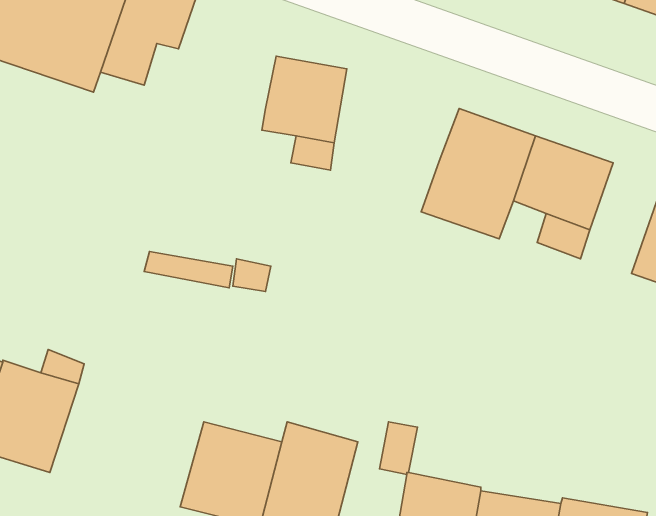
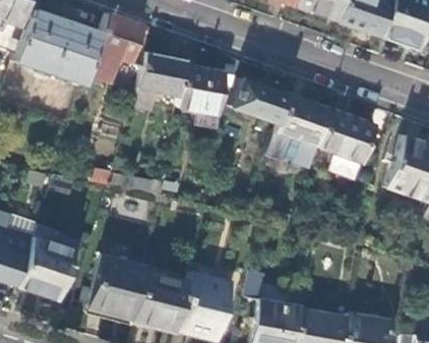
building: none -> [132,52,187,110]
building: none -> [232,79,289,124]
building: none -> [88,253,146,319]

